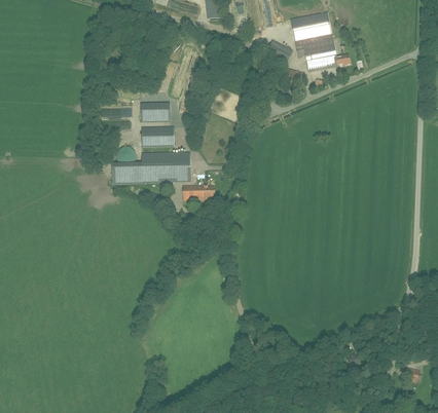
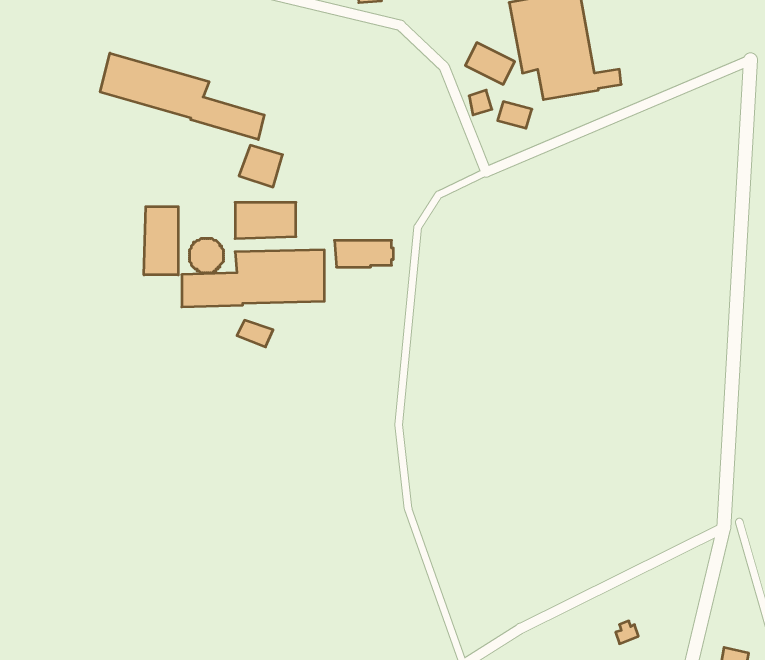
building: none -> [100,53,264,140]
building: none -> [144,207,178,275]
building: [183,185,215,199] -> [334,240,393,267]

